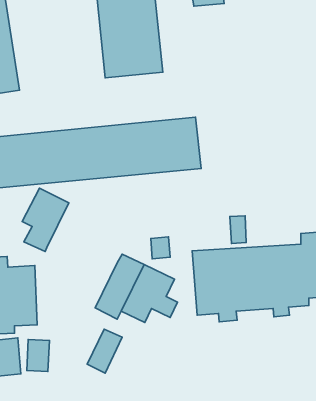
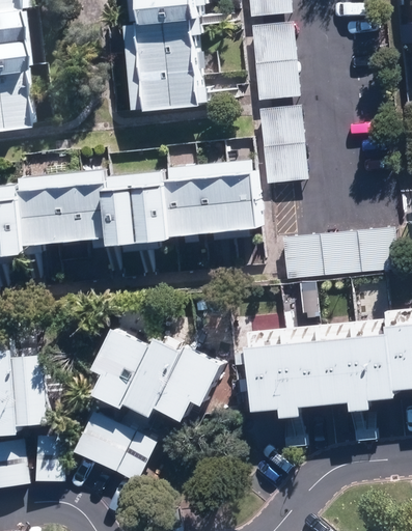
building: none -> [248,27,297,103]
building: none -> [256,109,304,185]
building: none -> [279,229,394,281]
building: [22,188,69,252] -> [91,327,150,408]
building: none -> [72,410,134,474]

